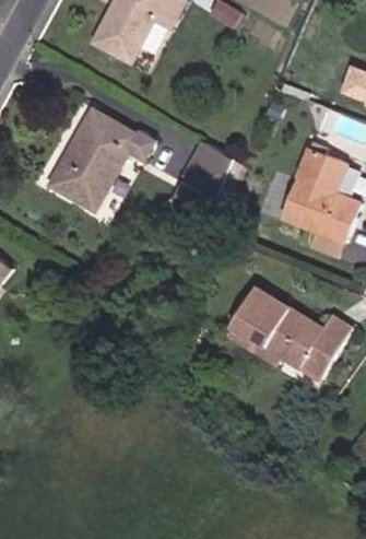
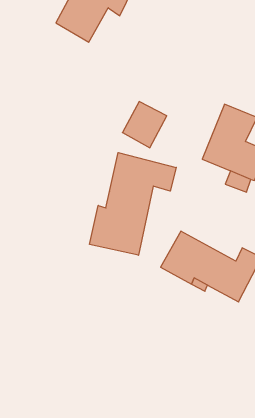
building: [51,104,155,209] -> none
building: none -> [90,153,176,255]

